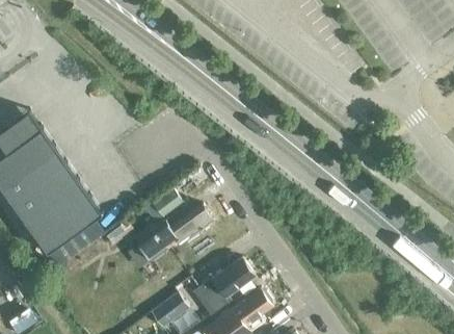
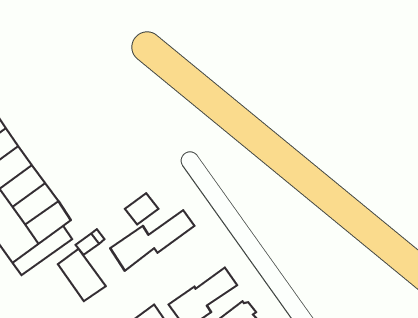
building: none -> [58,249,106,301]

